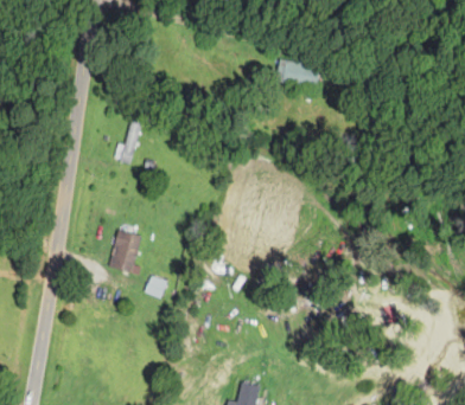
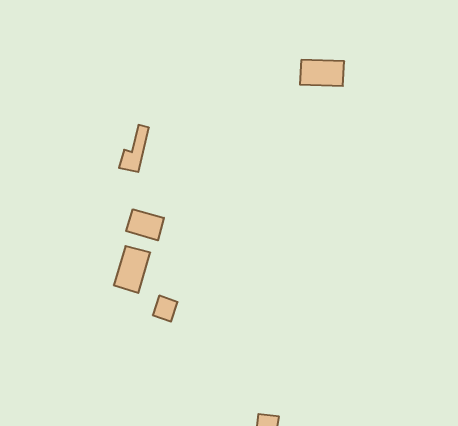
building: none -> [126,209,164,240]

